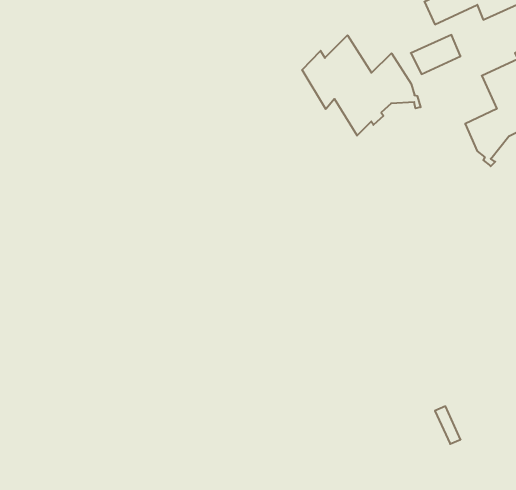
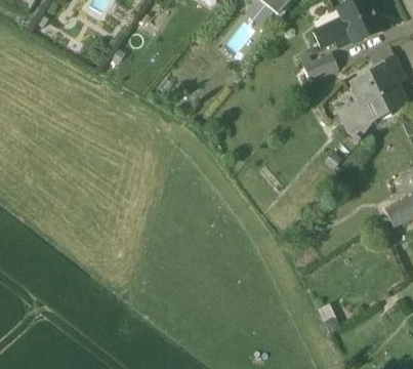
building: [302,35,421,136] -> none

